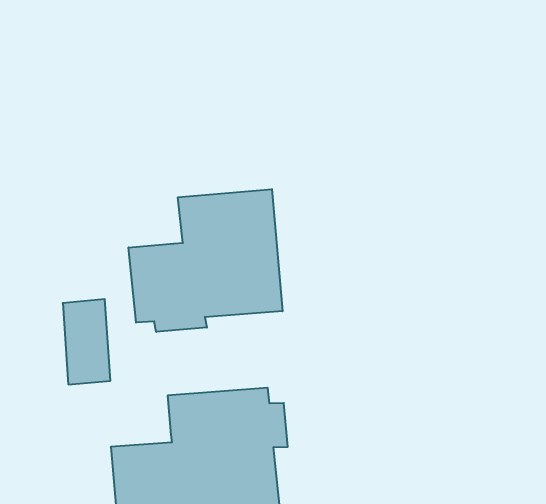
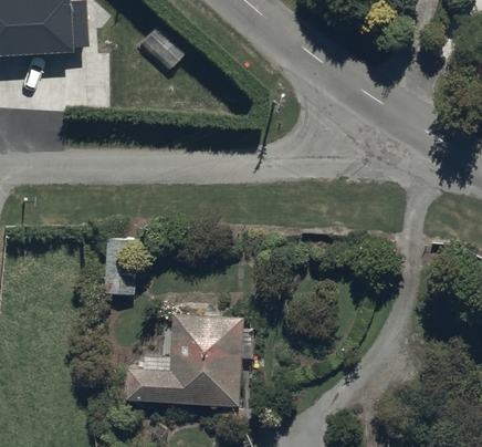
building: [129,189,283,332] -> none

